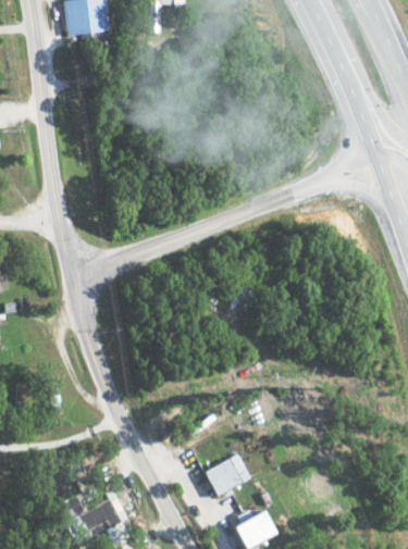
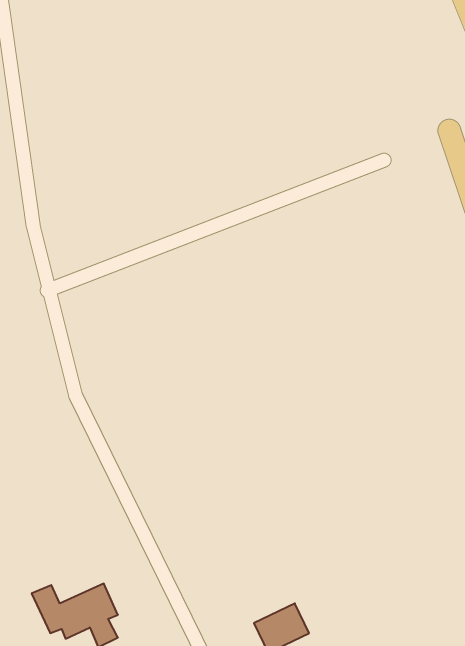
building: [205,454,250,495] -> none

